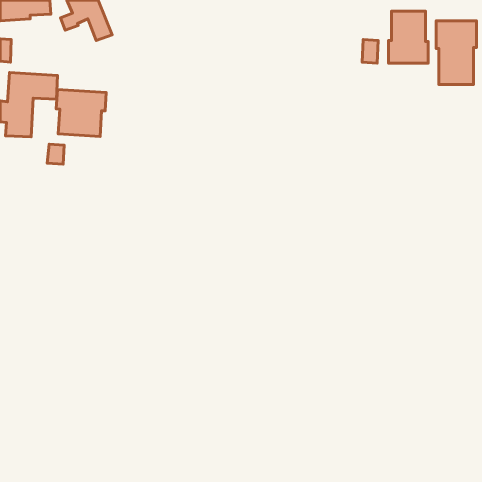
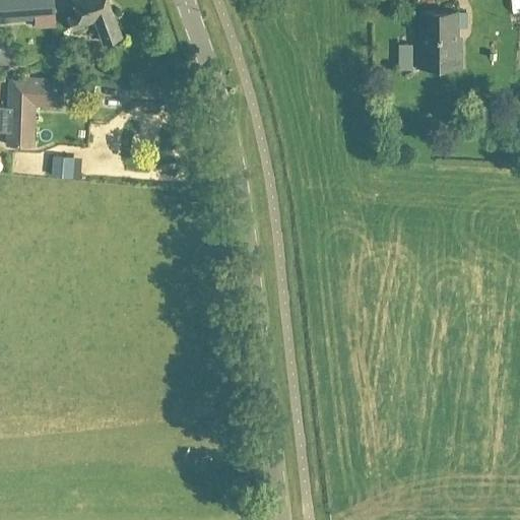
building: [436,21,476,84] -> none
building: [56,90,106,136] -> none

